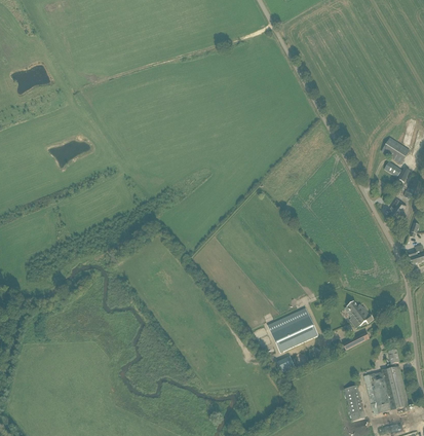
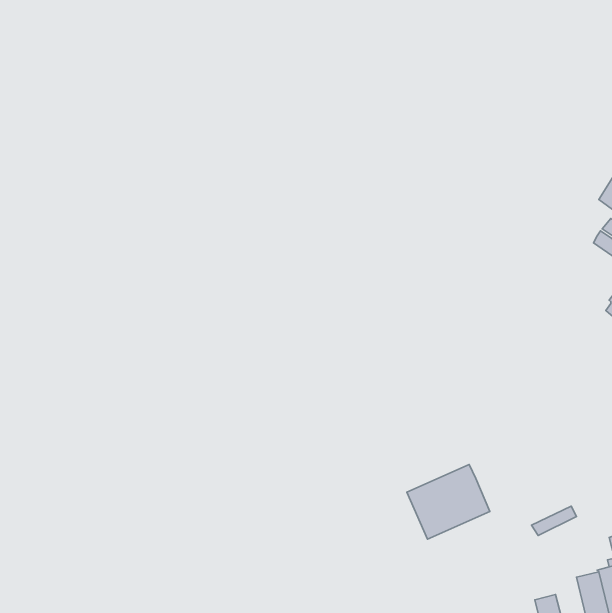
building: [345,299,373,326] -> none

